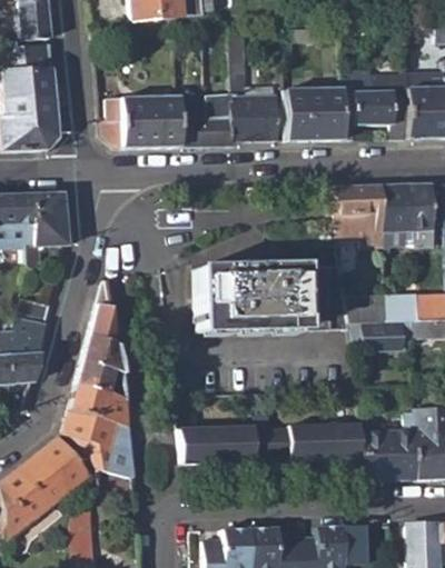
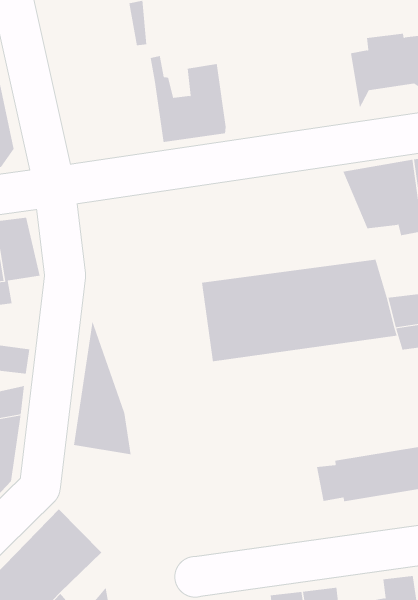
building: [231,43,277,140] -> none
building: [285,89,344,140] -> none
building: [102,97,180,149] -> none
building: [65,385,132,475] -> none
building: [182,423,276,462] -> none

